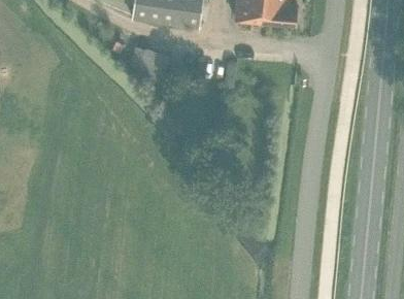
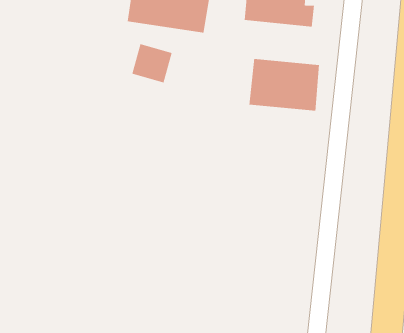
building: none -> [249,58,320,112]

